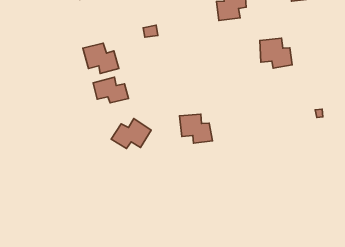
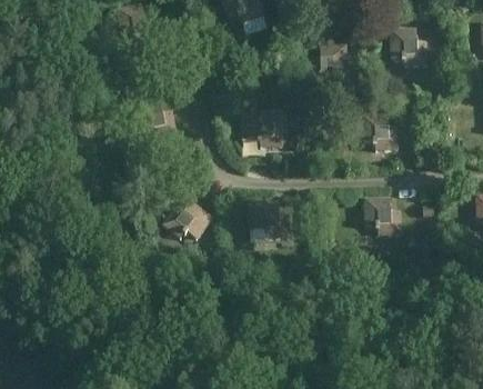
building: none -> [245,111,284,148]
building: [93,77,128,103] -> none
building: none -> [364,199,402,236]

